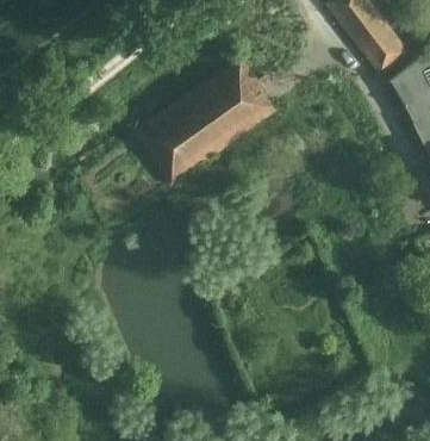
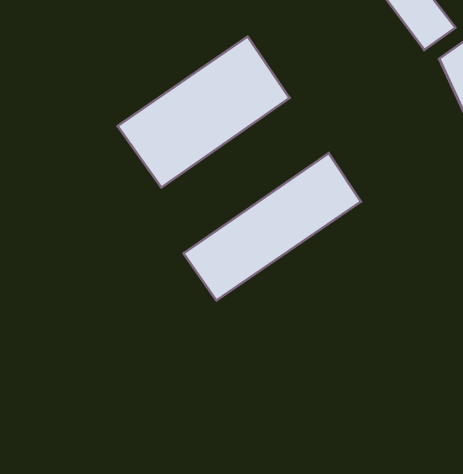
building: none -> [184,153,361,300]

